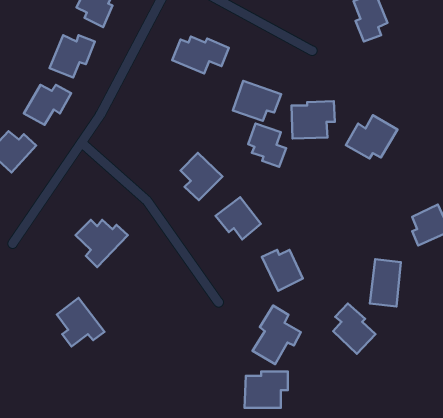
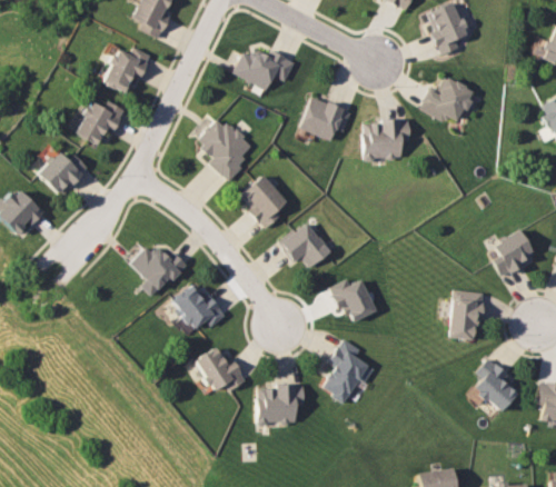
building: none -> [198,117,256,180]
building: [346,115,397,158] -> [419,76,475,122]
building: [248,123,286,167] -> none
building: [57,298,104,346] -> [172,281,224,334]
building: [333,303,375,354] -> [474,358,519,413]
building: none -> [196,348,246,391]
building: [245,372,288,408] -> [257,384,304,423]

